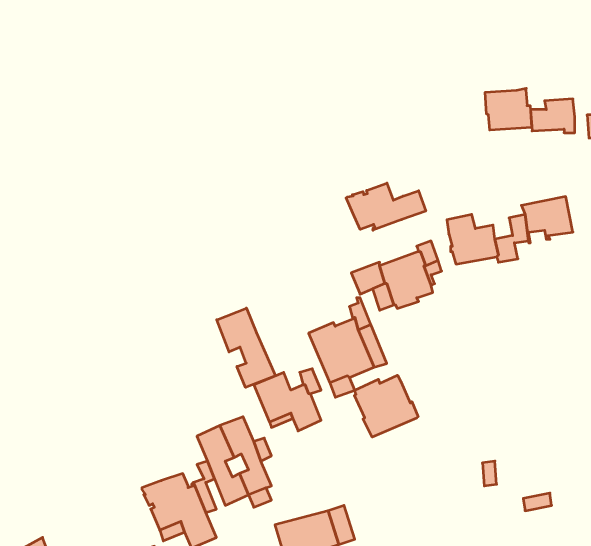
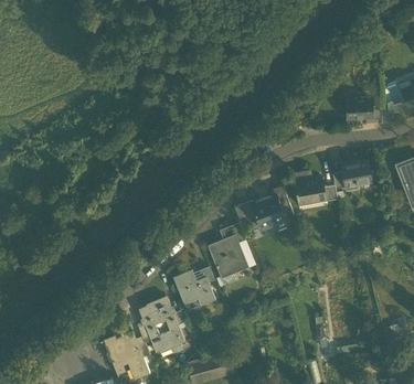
building: [485,88,531,130] -> none
building: [346,183,426,230] -> none
building: [217,308,275,387] -> none
building: [354,375,418,437] -> none

